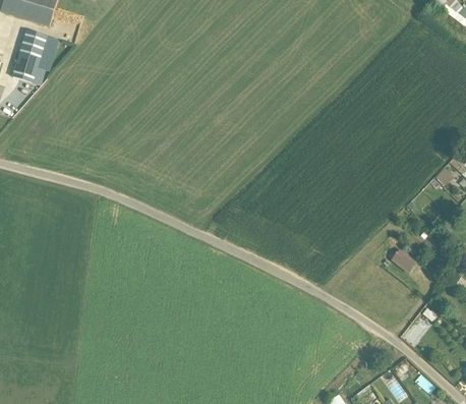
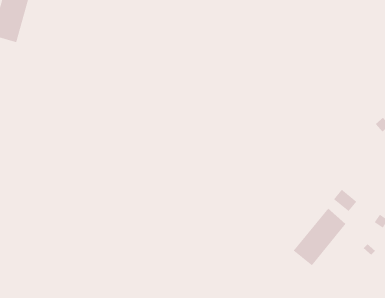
building: none -> [293,208,346,266]

